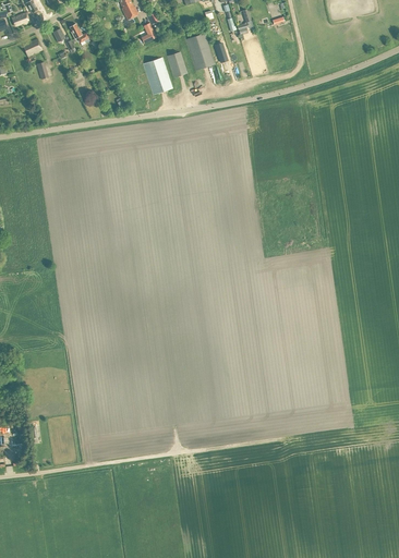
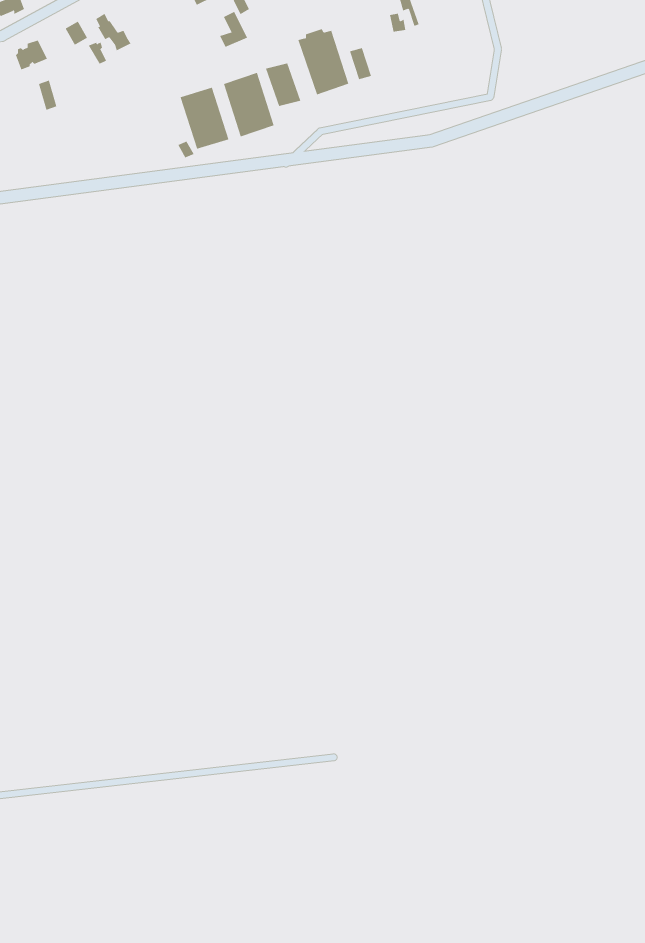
building: none -> [180,87,229,150]

